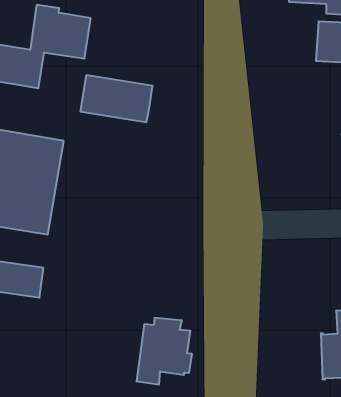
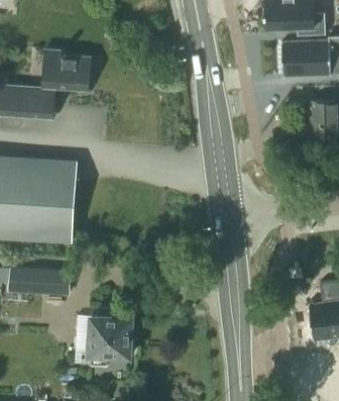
building: [80,75,152,122] -> none
building: [136,318,192,385] -> [90,309,134,365]

